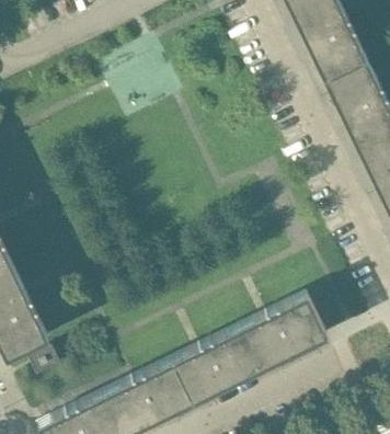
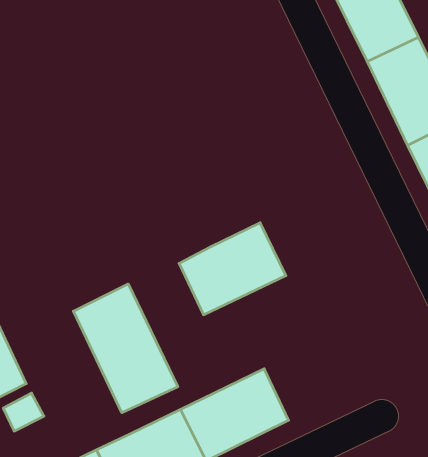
building: none -> [73,284,178,413]
building: [241,296,328,370] -> [179,223,286,315]

